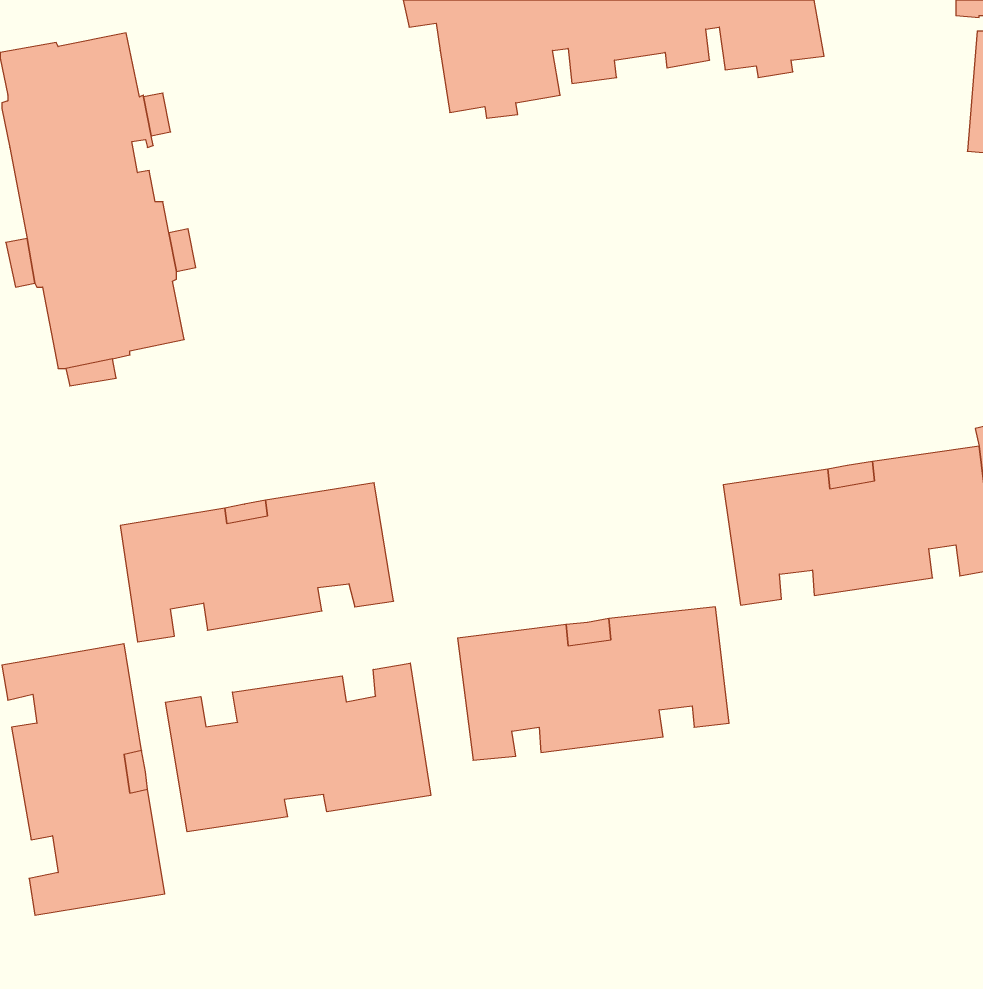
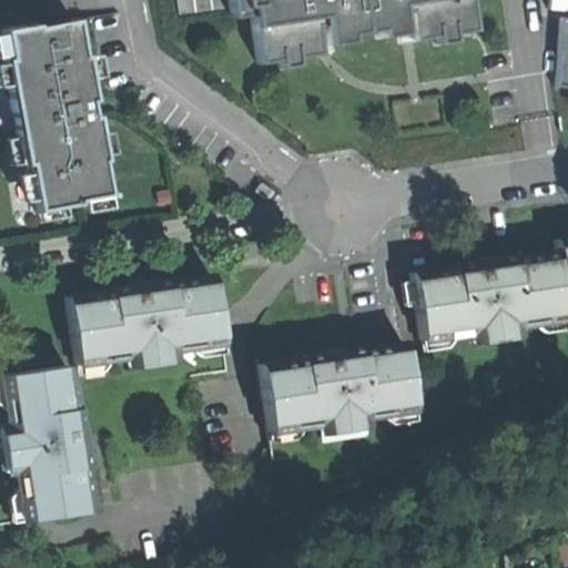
building: [165,663,431,832] -> none

